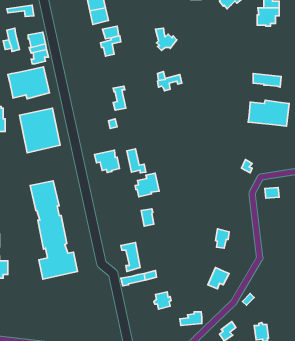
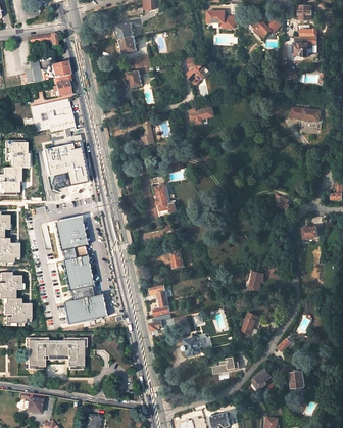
building: [248,100,289,126] -> none
building: [95,150,120,173] -> none
building: [135,173,159,197] -> none
building: none -> [28,337,84,366]

